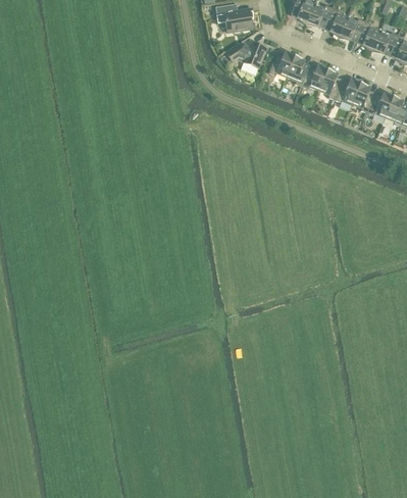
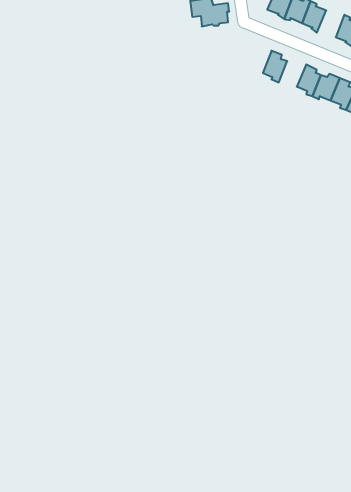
building: [338,16,364,42] -> none
building: [226,42,267,68] -> none
building: [268,51,294,77] -> none
building: [301,64,327,90] -> none

